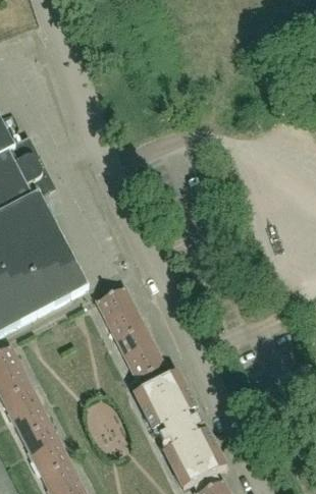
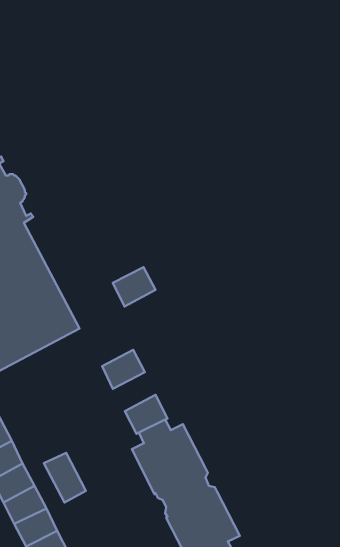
building: [96,283,133,317] -> [113,267,156,306]
building: [115,322,152,355] -> none
building: none -> [44,453,86,502]

